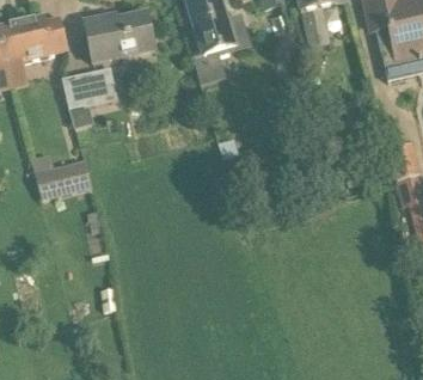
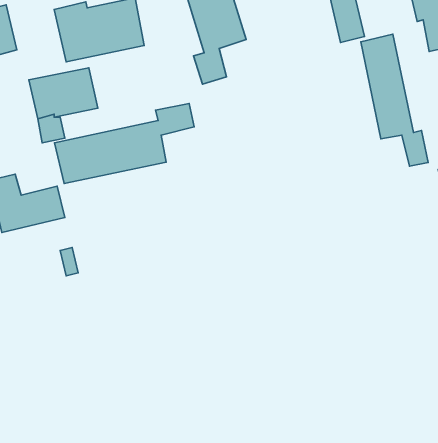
building: none -> [361,34,428,166]
building: none -> [54,103,194,184]

